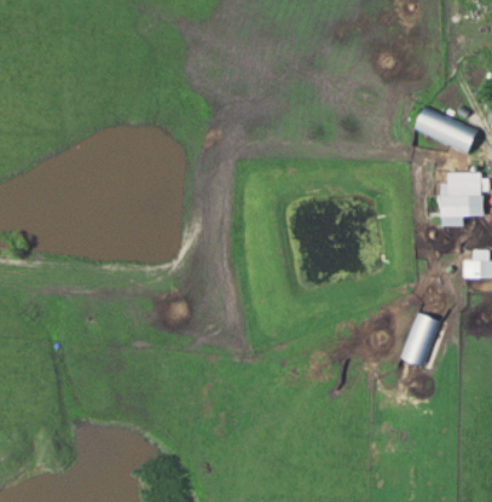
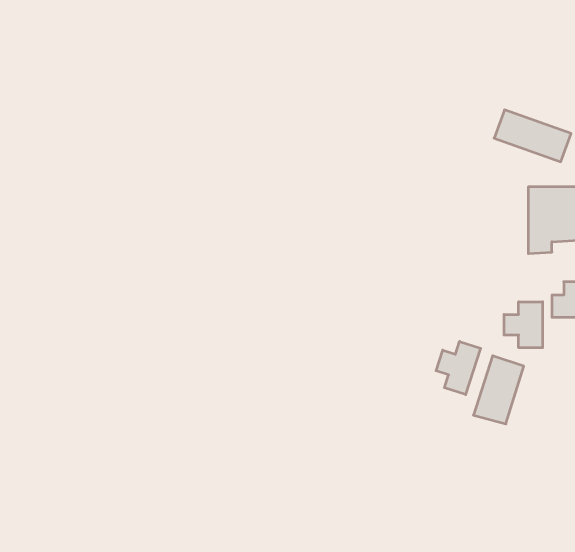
building: none -> [504,302,543,348]
building: none -> [436,341,481,395]

